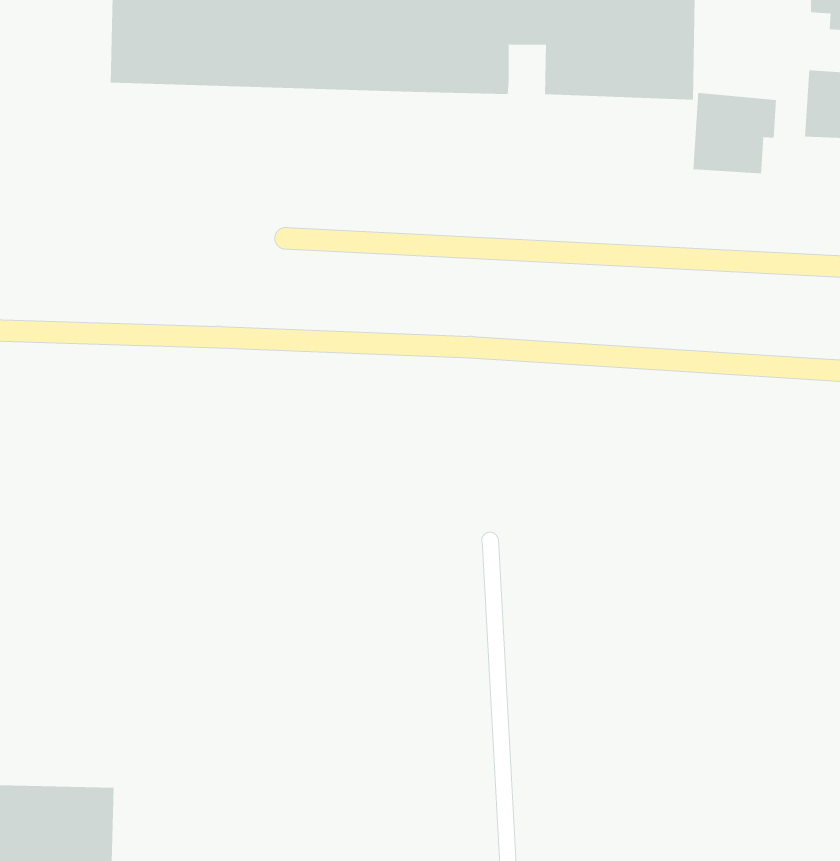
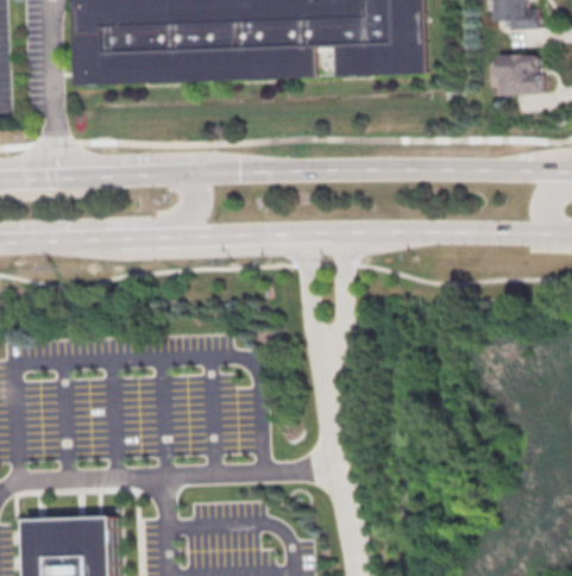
building: [693,92,777,174] -> none

